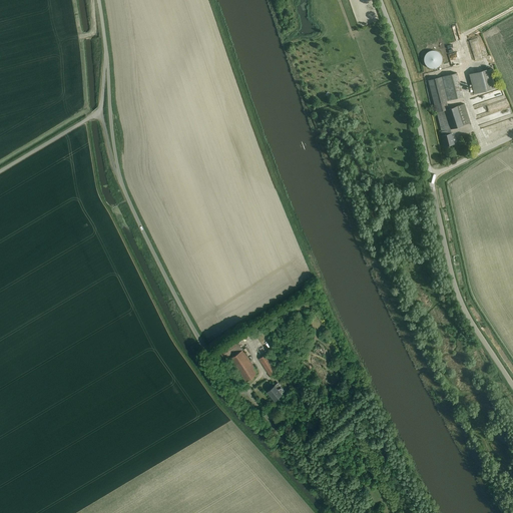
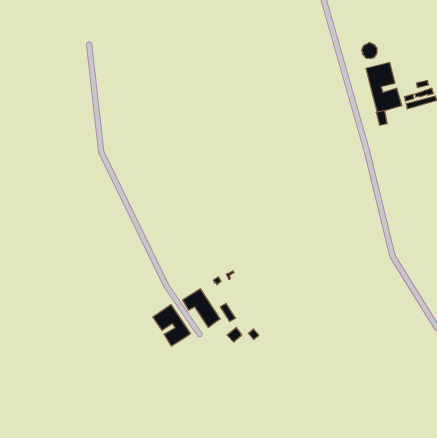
building: [469,69,494,94] -> none
building: none -> [153,305,191,346]

